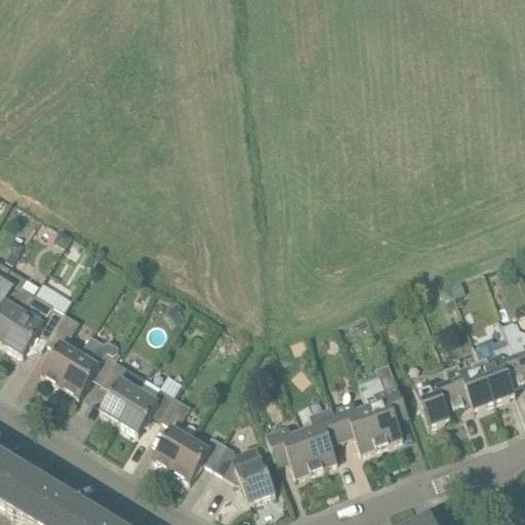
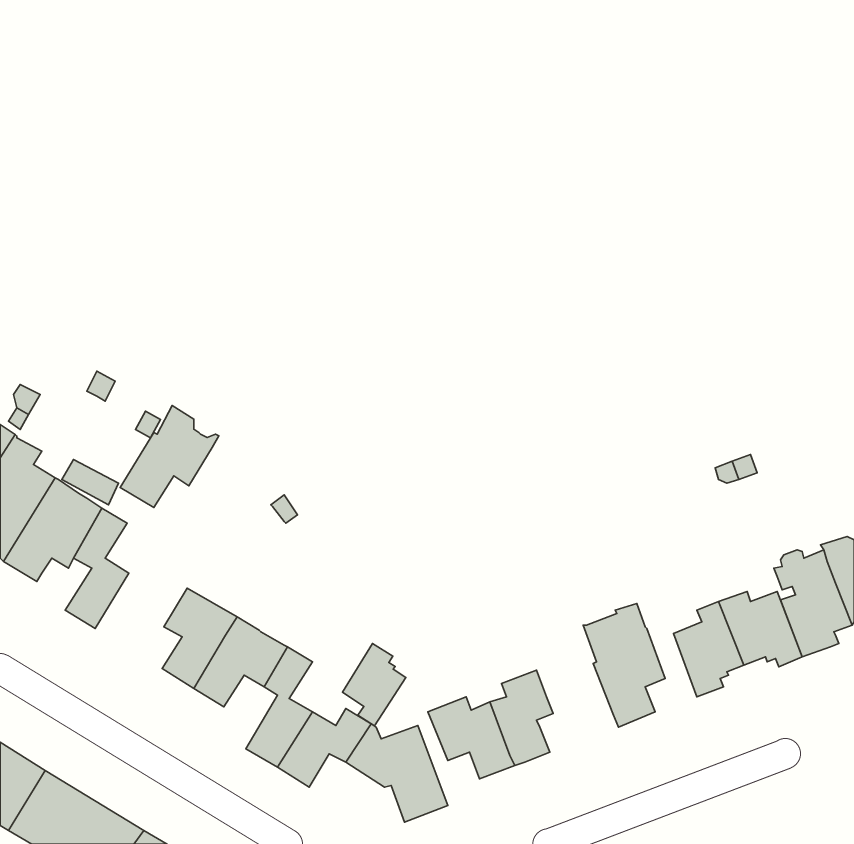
building: [58,335,119,398] -> [120,406,219,508]
building: none -> [343,643,406,726]
building: [329,403,379,453] -> none

